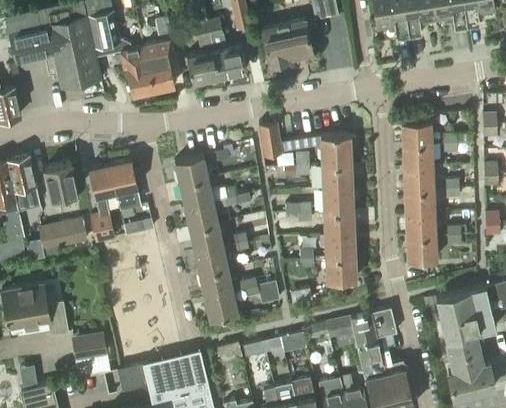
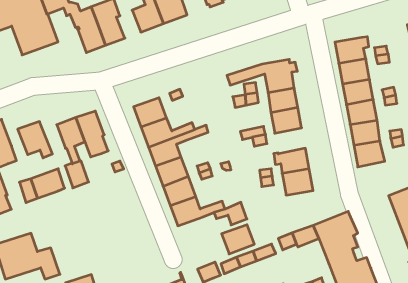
building: [258,123,282,157] -> none
building: [323,211,354,236] -> none
building: [204,293,238,322] -> [222,225,254,254]

